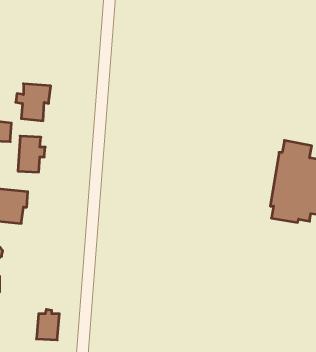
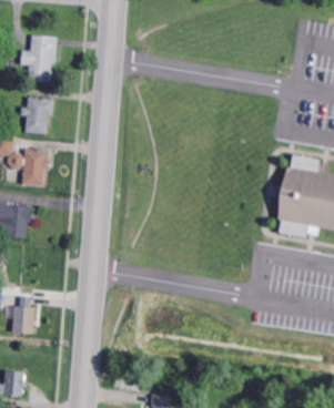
building: none -> [20,34,58,83]
building: [36,309,59,340] -> [11,303,34,334]

